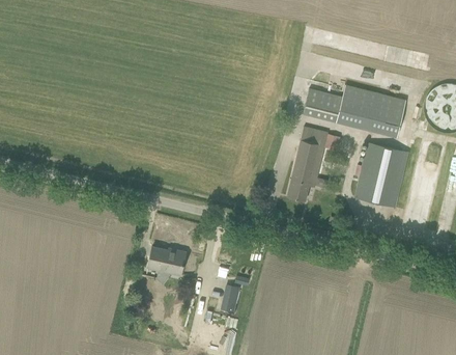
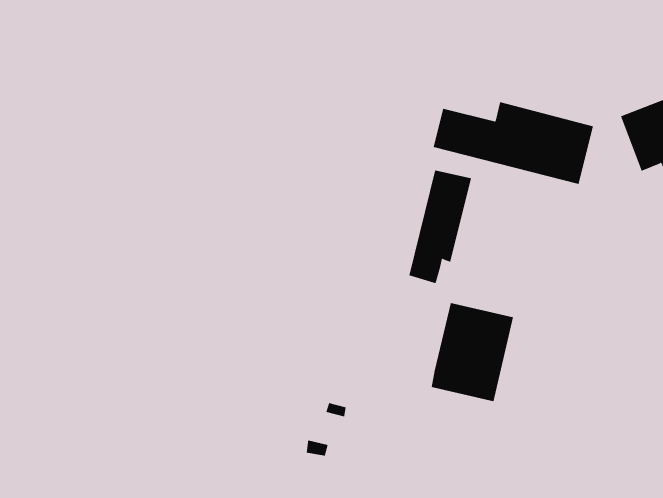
building: [354,144,407,208] -> [431,303,514,402]
building: [147,247,186,273] -> none

